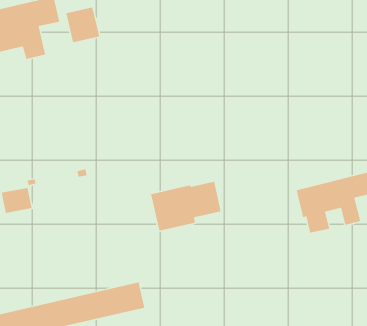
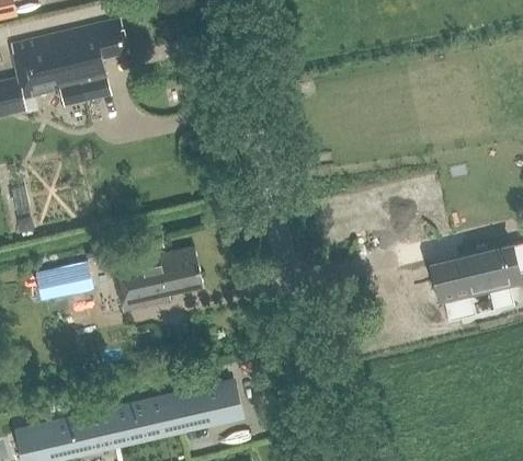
building: [65,7,100,43] -> none
building: [150,181,222,232] -> [112,247,203,312]

